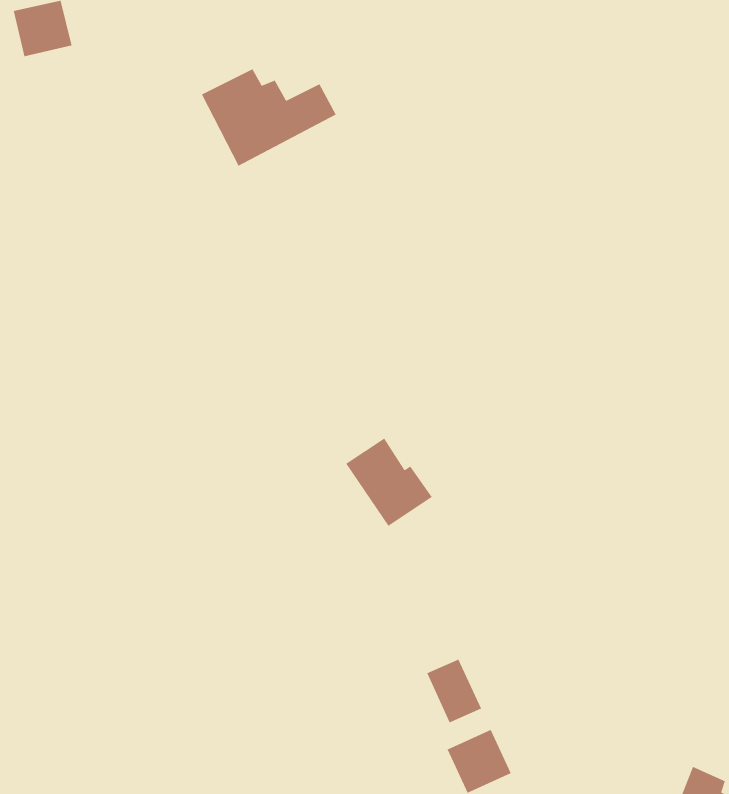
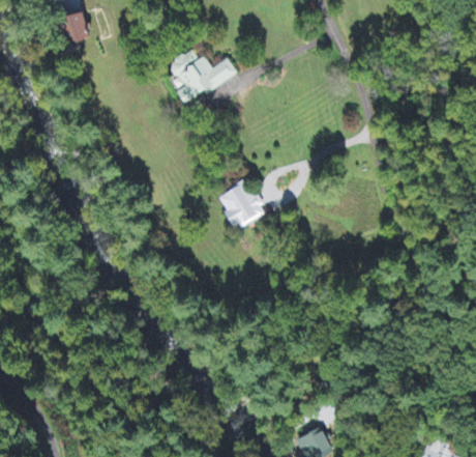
building: [345,438,433,527] -> [220,180,269,230]
building: [426,658,482,724] -> none

